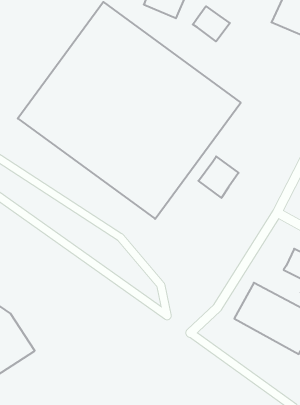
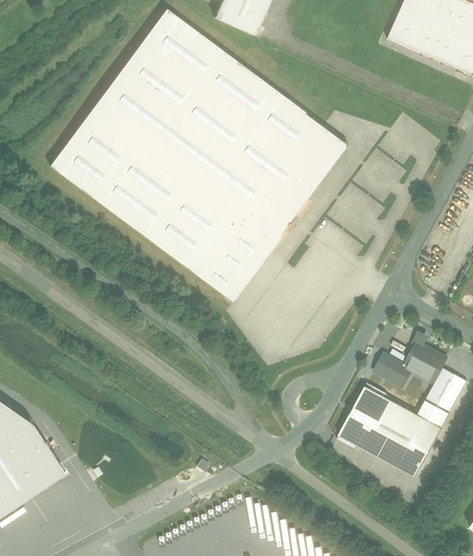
building: [193,6,230,41] -> none
building: [198,156,239,198] -> none
building: none -> [373,351,411,388]

